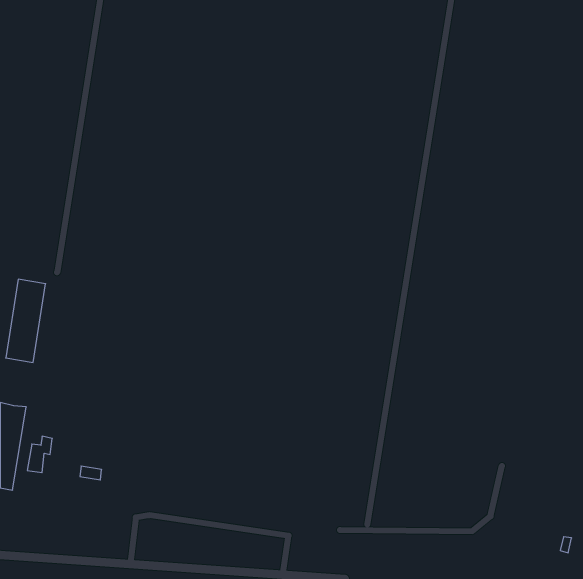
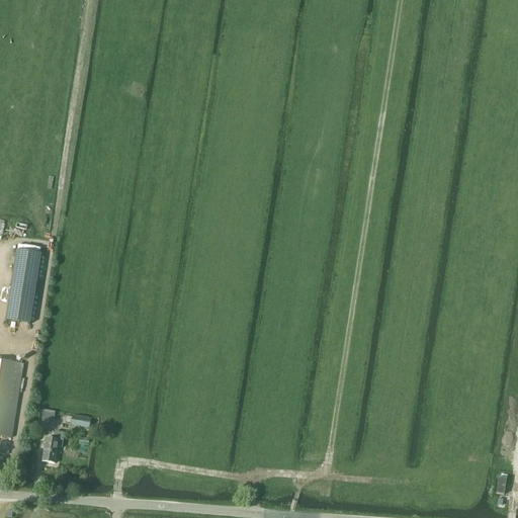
building: [27,436,52,473] -> [41,429,64,461]

